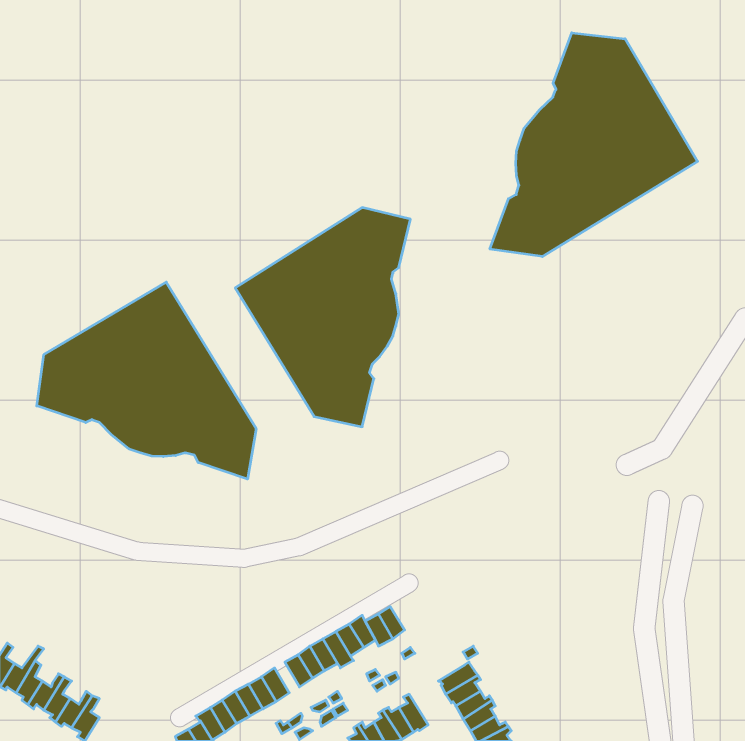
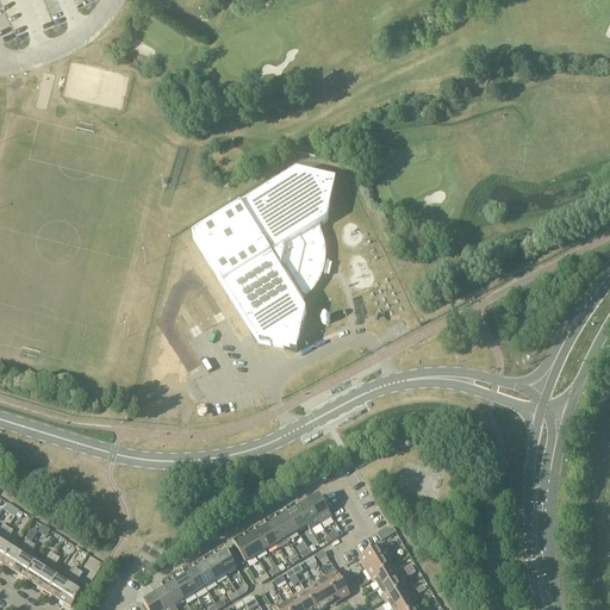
building: [490,33,698,257] -> none
building: [37,282,256,479] -> none

